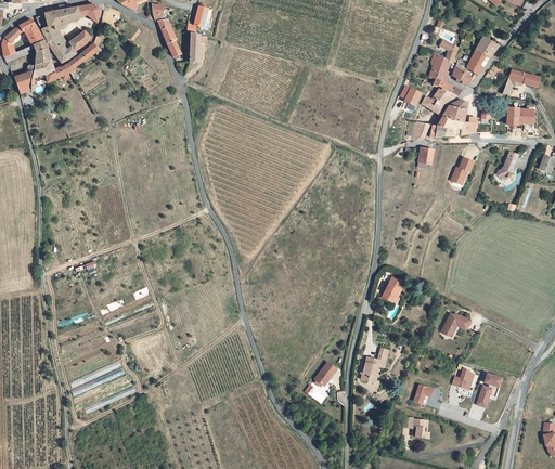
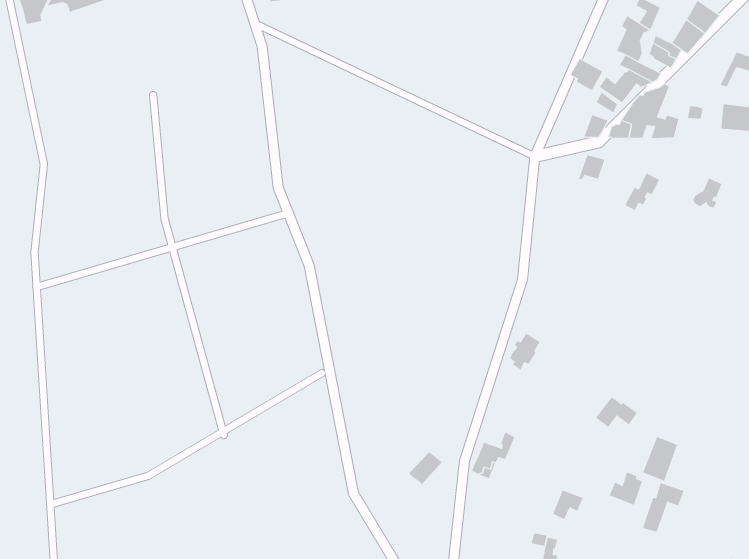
building: none -> [642,436,678,482]

